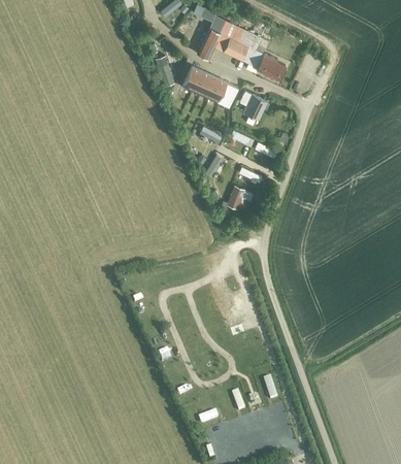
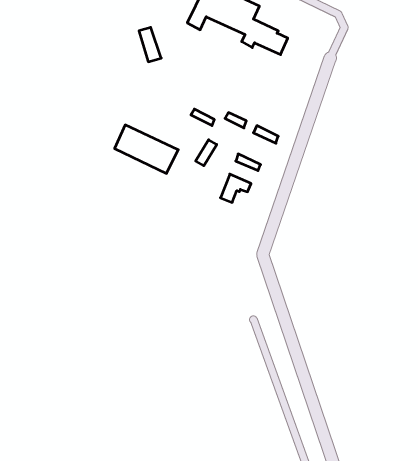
building: [182,66,238,108] -> [115,125,178,173]
building: [239,92,268,120] -> none

